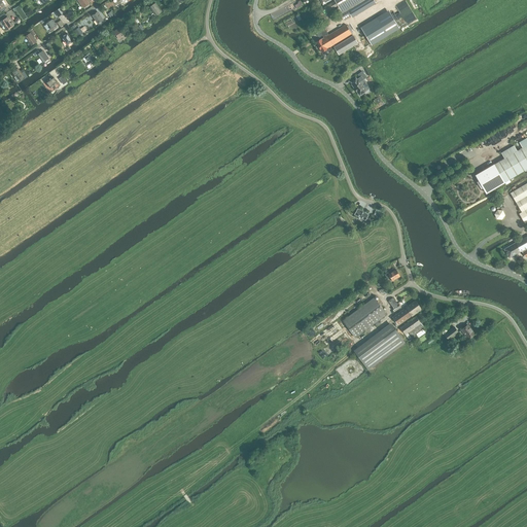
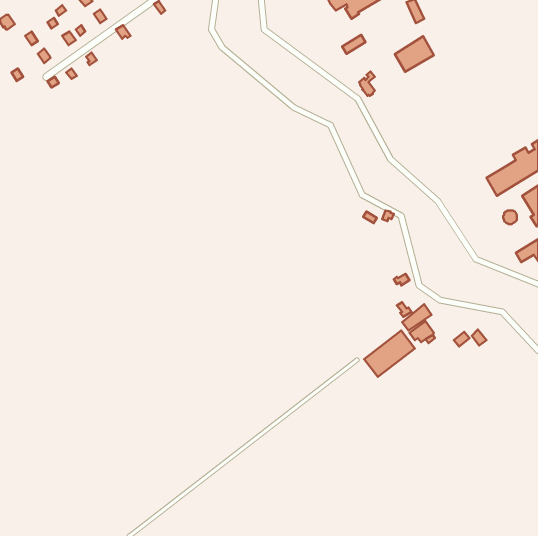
building: [361,8,399,43] -> [395,36,434,72]
building: [316,23,352,50] -> none
building: [343,295,387,336] -> none

